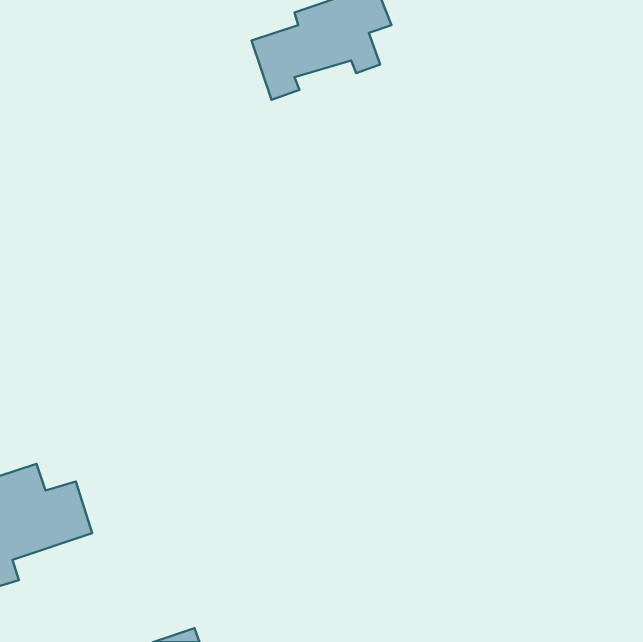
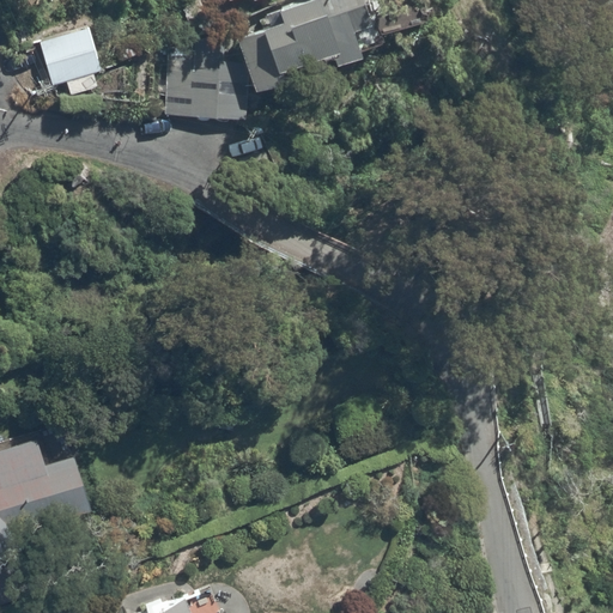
building: none -> [37,25,102,93]
building: none -> [165,41,242,116]

